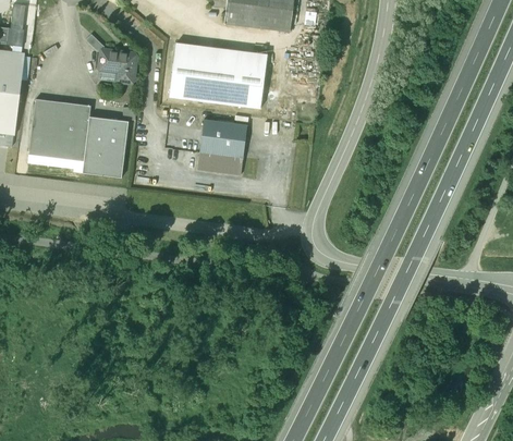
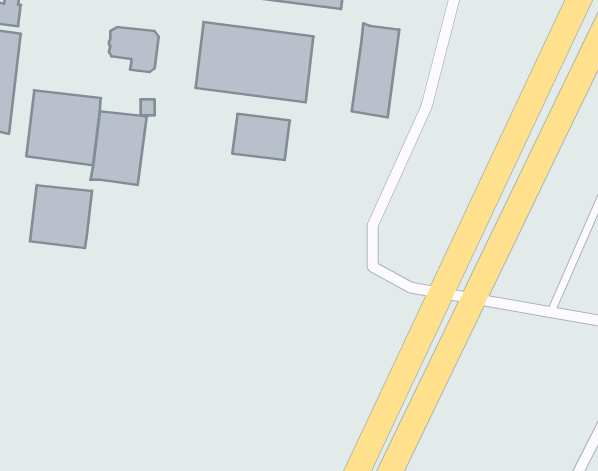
building: none -> [352,23,399,117]
building: [197,151,243,175] -> none
building: none -> [30,185,92,248]

